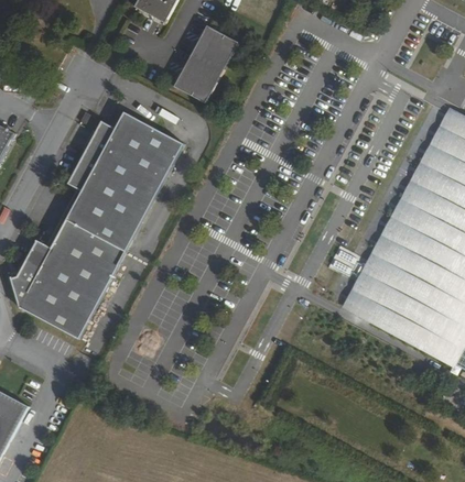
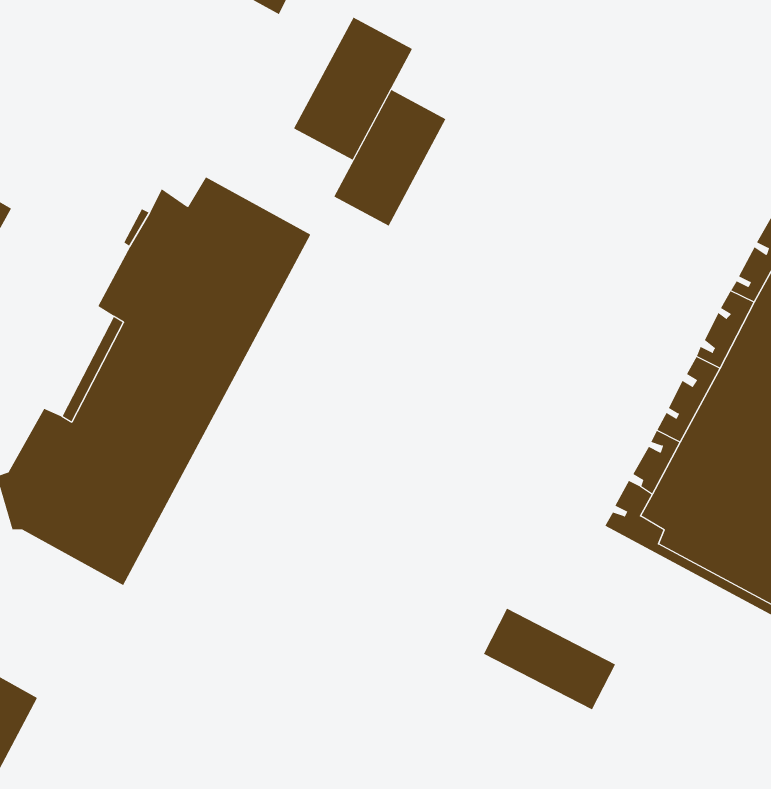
building: none -> [334,89,446,226]
building: none -> [483,608,616,710]

